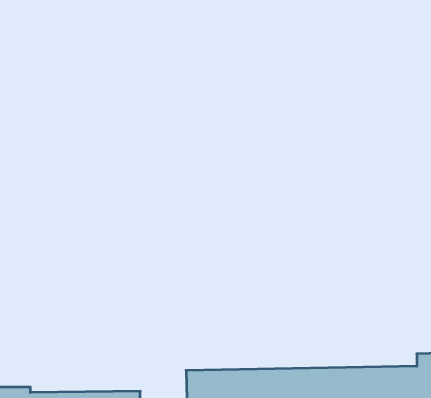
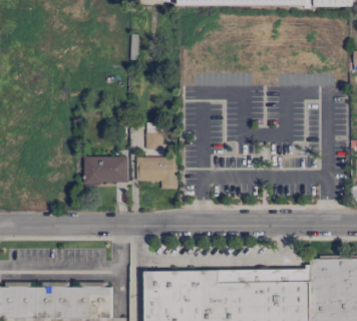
building: none -> [136,122,177,189]
building: none -> [84,156,128,183]

